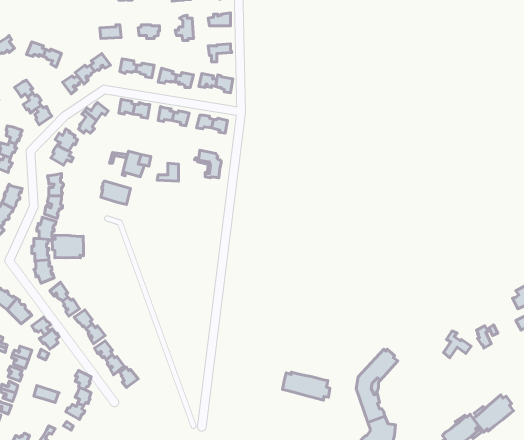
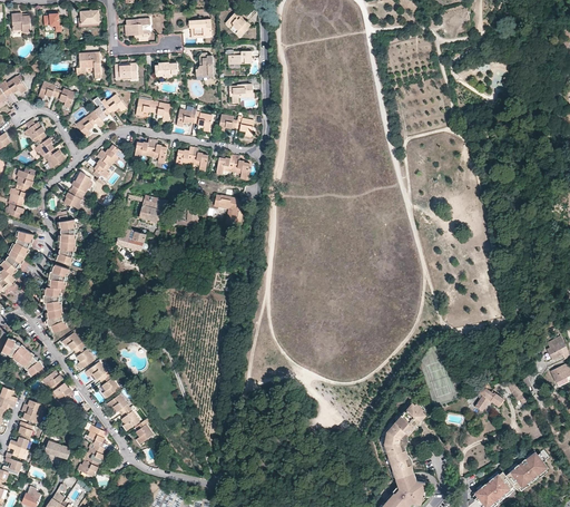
building: none -> [77,53,101,80]
building: [52,235,83,258] -> none
building: [283,372,330,400] -> none

